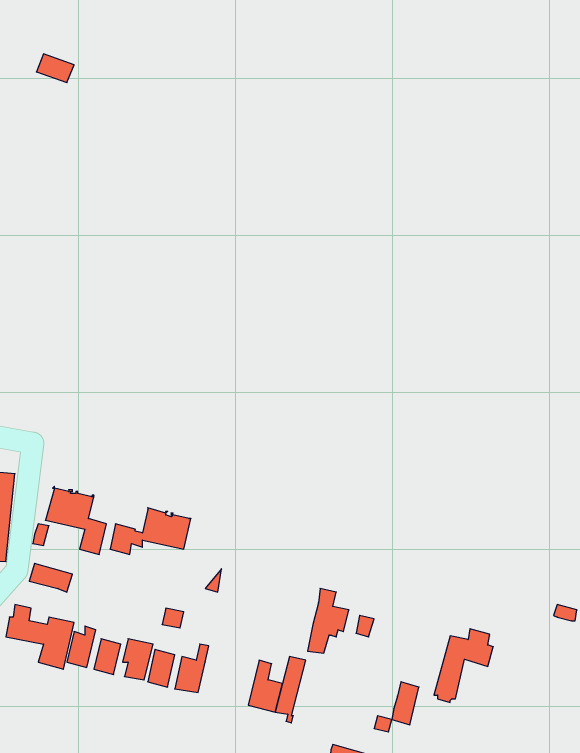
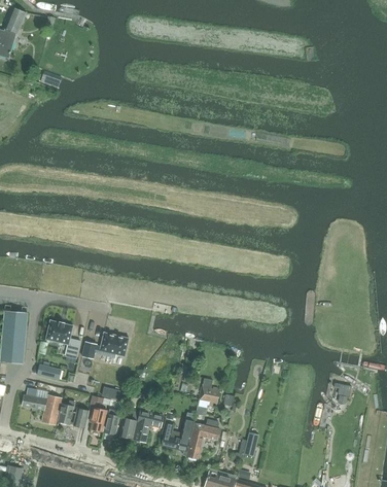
building: [434,629,493,702] -> [185,419,219,461]
building: none -> [133,410,164,442]

